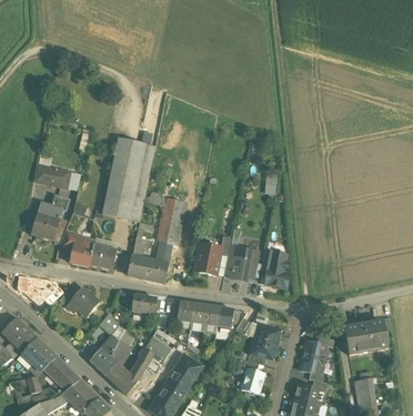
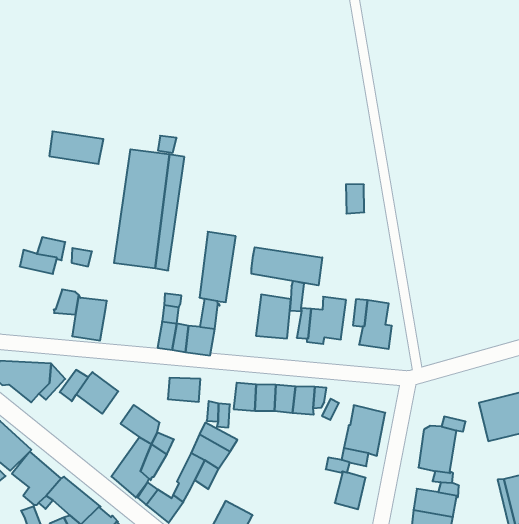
building: [33,163,71,187] -> [49,131,103,164]
building: none -> [251,247,322,285]
building: [31,212,60,241] -> none
building: [89,244,117,271] -> none
building: [167,354,202,393] -> none

